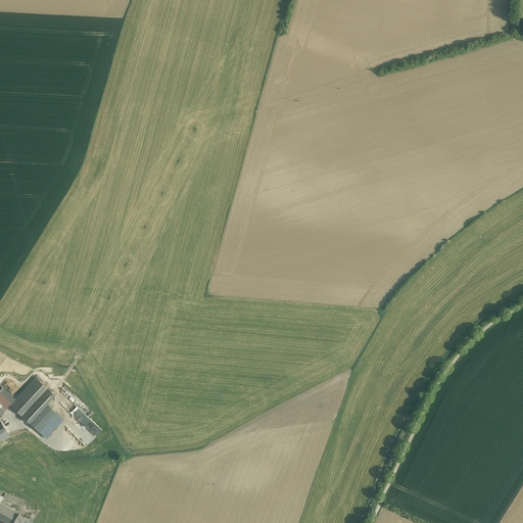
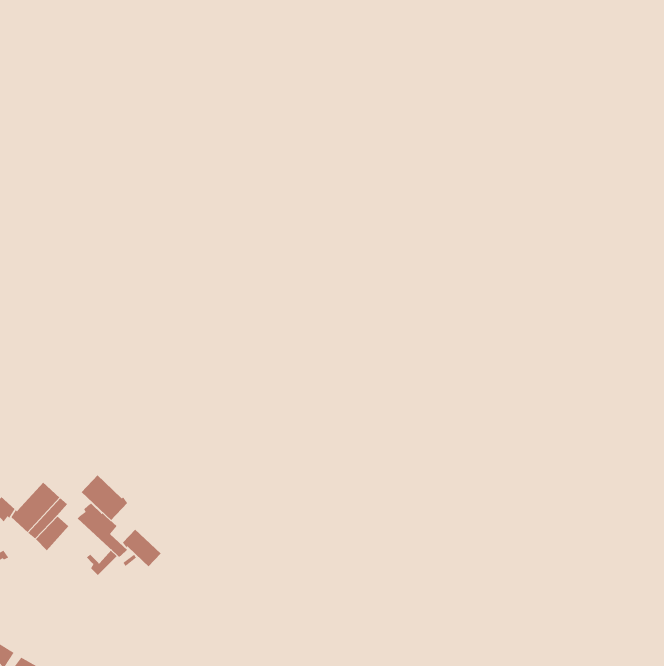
building: none -> [81,474,128,521]
building: none -> [122,529,161,567]

